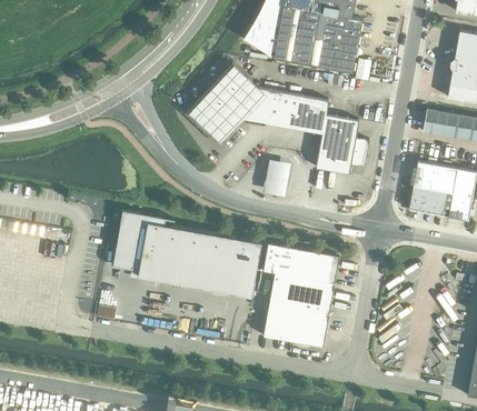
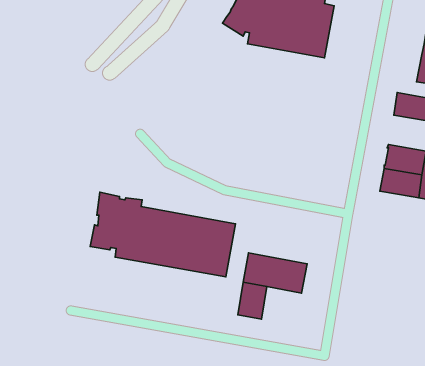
building: [187,63,369,172] -> none
building: [265,161,294,200] -> none
building: [262,243,338,283] -> none
building: [287,307,328,347] -> none

